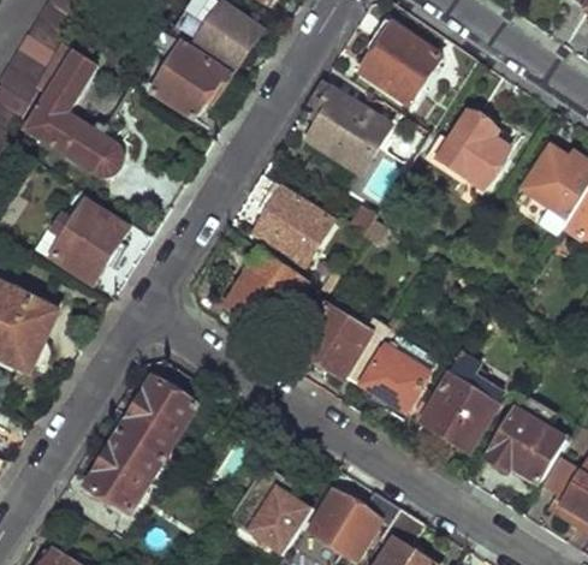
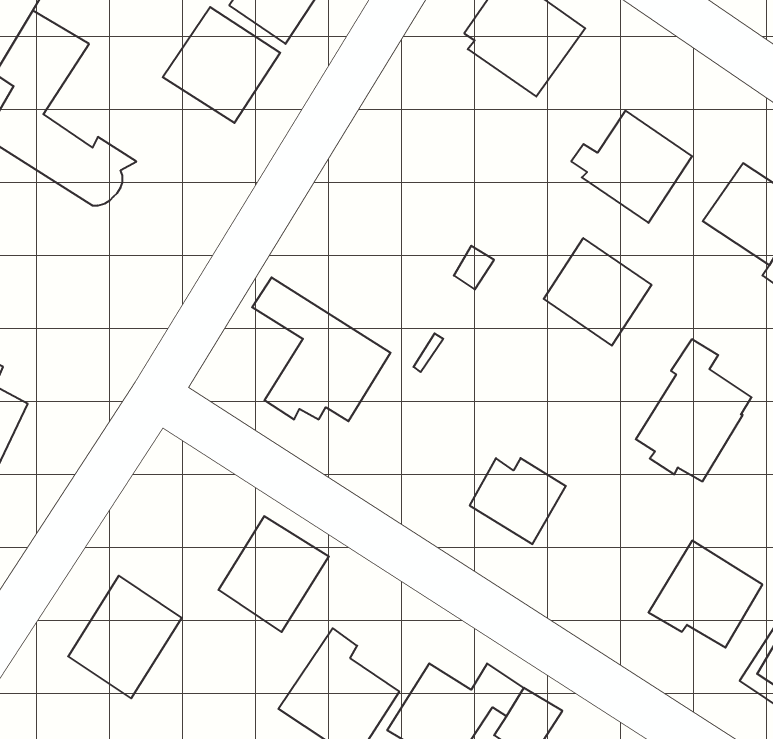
building: [305,81,388,172] -> none
building: [245,172,332,263] -> none
building: none -> [544,238,651,346]
building: [52,202,129,282] -> none
building: [297,305,388,379] -> none
building: [421,351,500,448] -> [636,339,752,481]
building: [120,380,196,459] -> [218,516,329,632]

